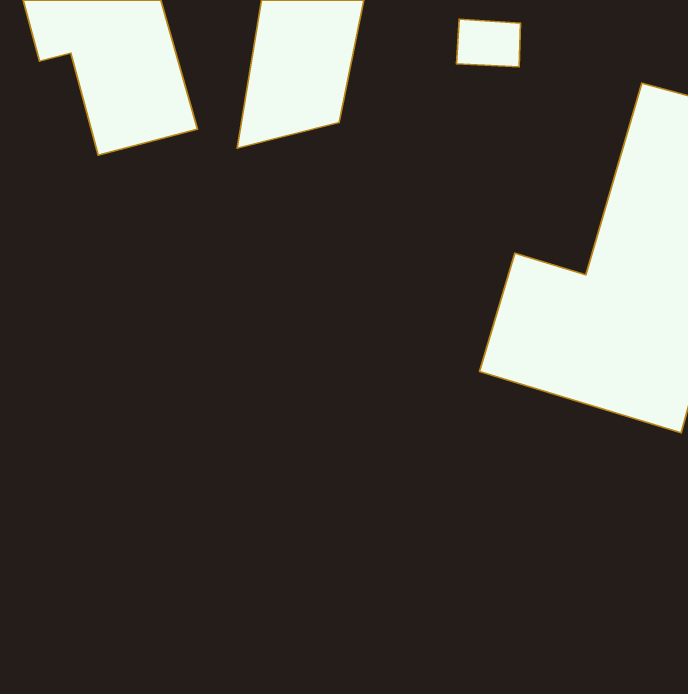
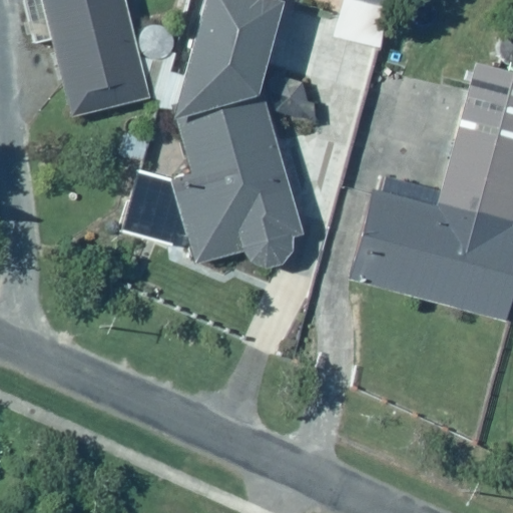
building: none -> [118,98,306,272]

